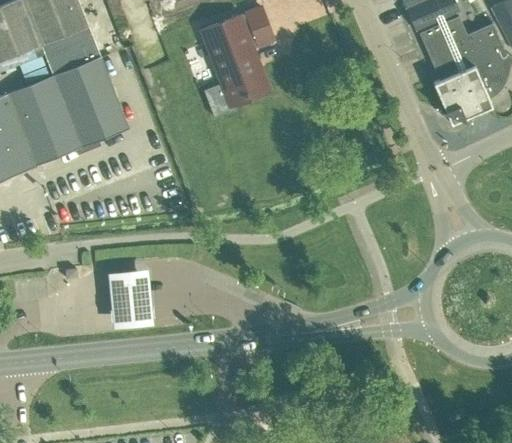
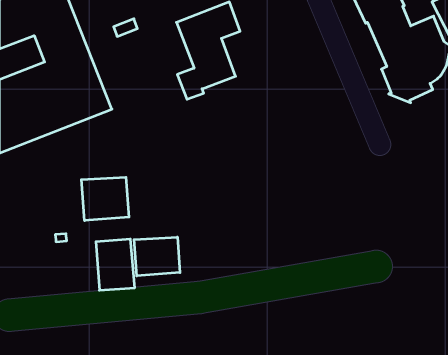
building: none -> [81,177,129,221]
building: none -> [134,237,180,276]

